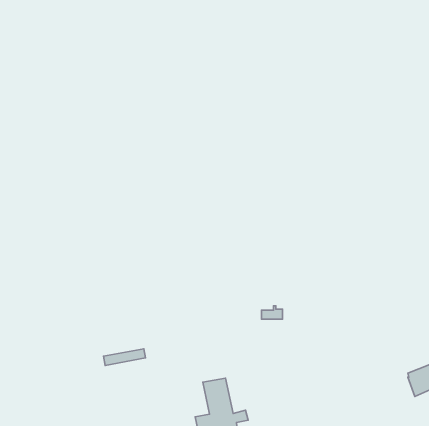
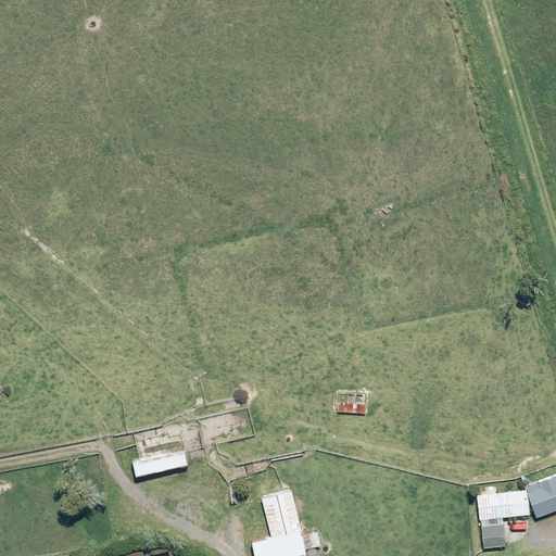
building: none -> [471,489,525,547]

